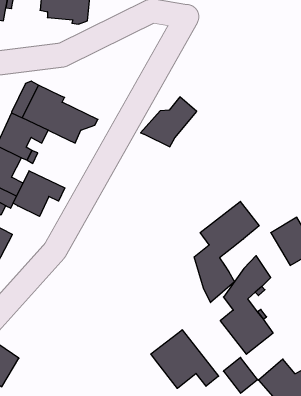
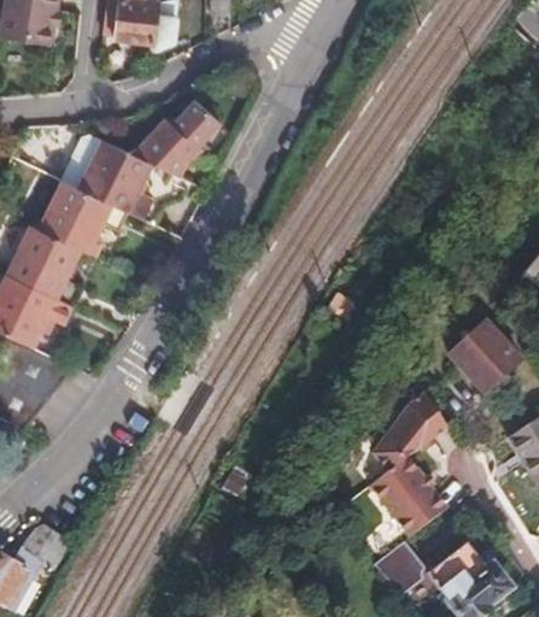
building: [141,97,197,147] -> [134,100,217,174]
building: [13,171,65,216] -> none
building: [194,201,259,303] -> none
building: [151,330,219,388] -> none

